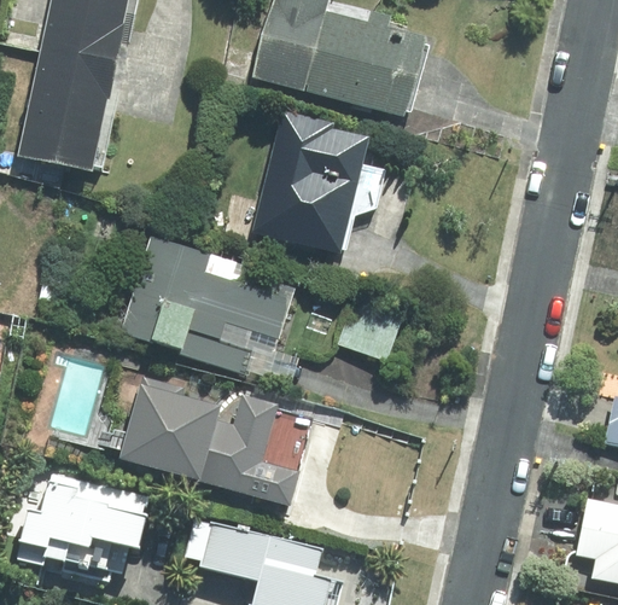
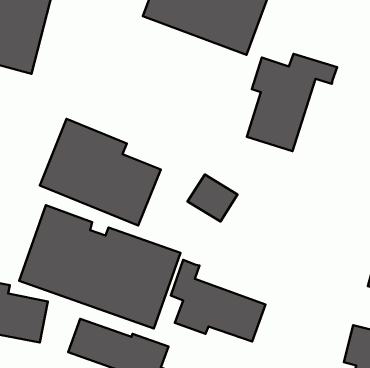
building: none -> [247,54,337,151]
building: [246,114,391,260] -> none
building: none -> [171,260,265,342]

